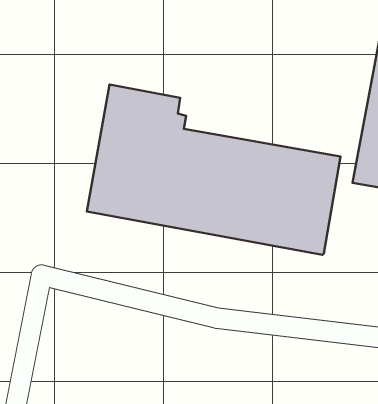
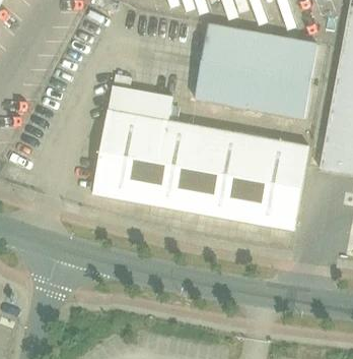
building: none -> [195,23,316,119]

